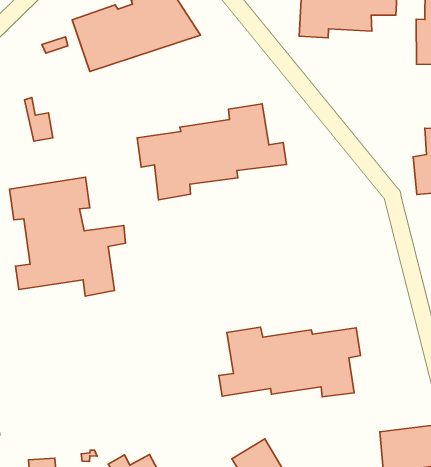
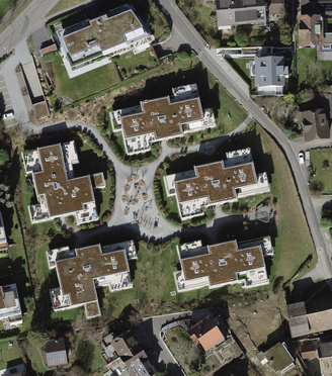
building: none -> [257,53,286,84]
building: none -> [163,146,268,216]
building: none -> [46,239,137,315]

